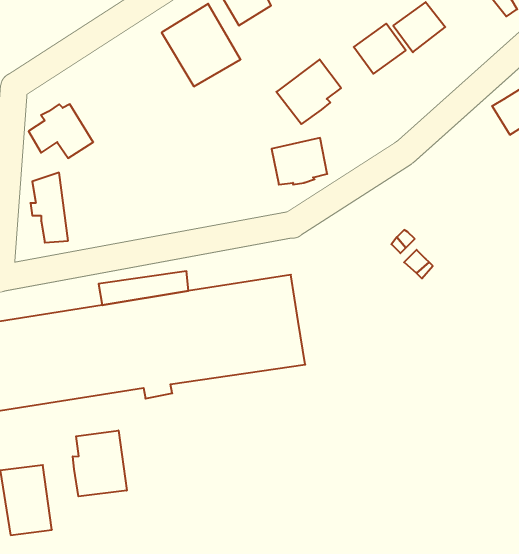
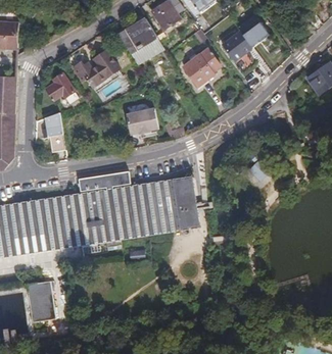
building: none -> [72,53,120,91]
building: [272,138,327,185] -> [134,105,165,132]
building: [73,430,127,496] -> none

